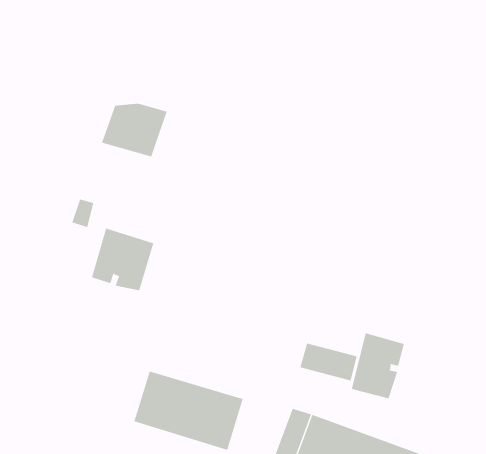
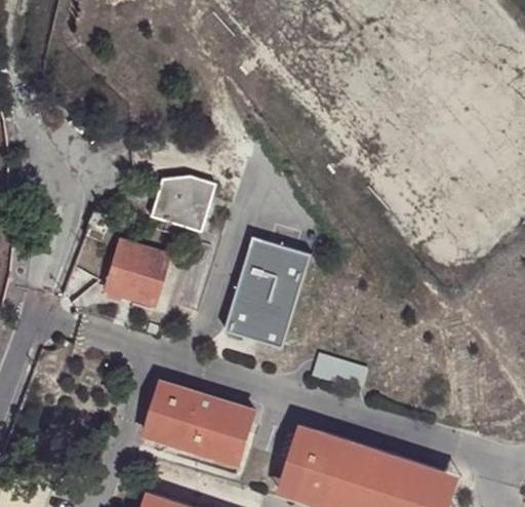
building: [101,103,167,157] -> [149,180,214,233]
building: none -> [224,235,307,348]
building: [351,333,404,399] -> none

